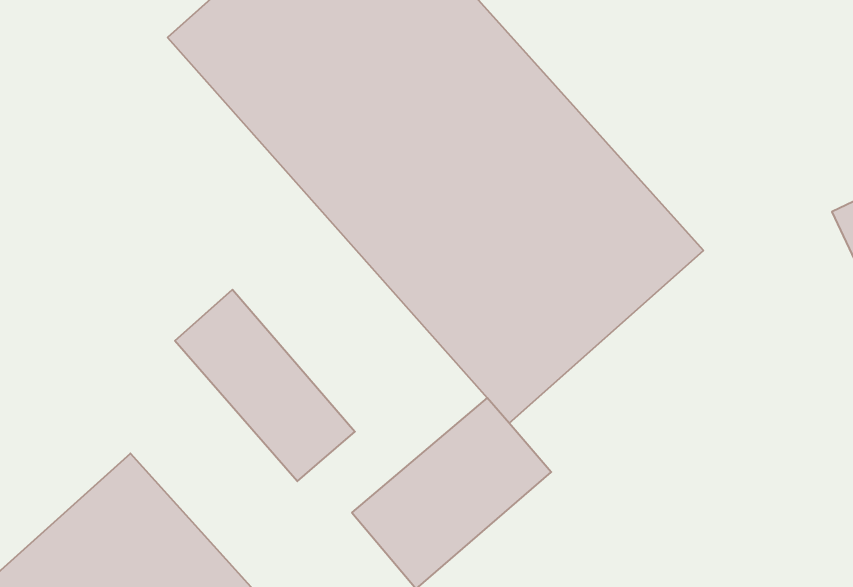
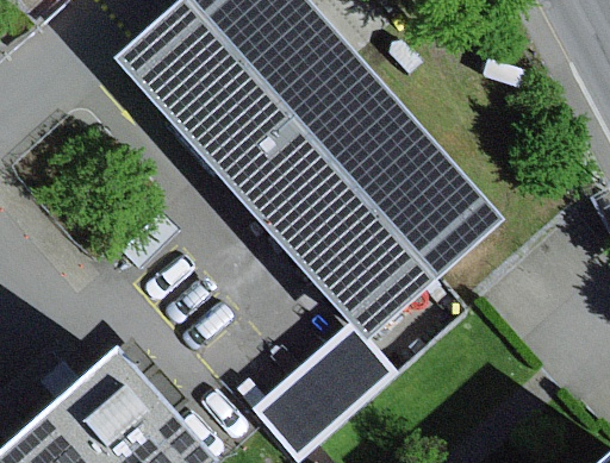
building: [175,290,355,481] -> none

